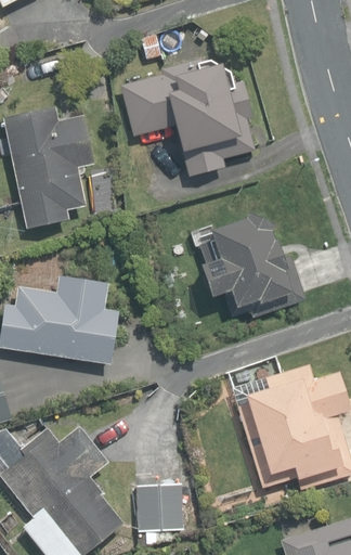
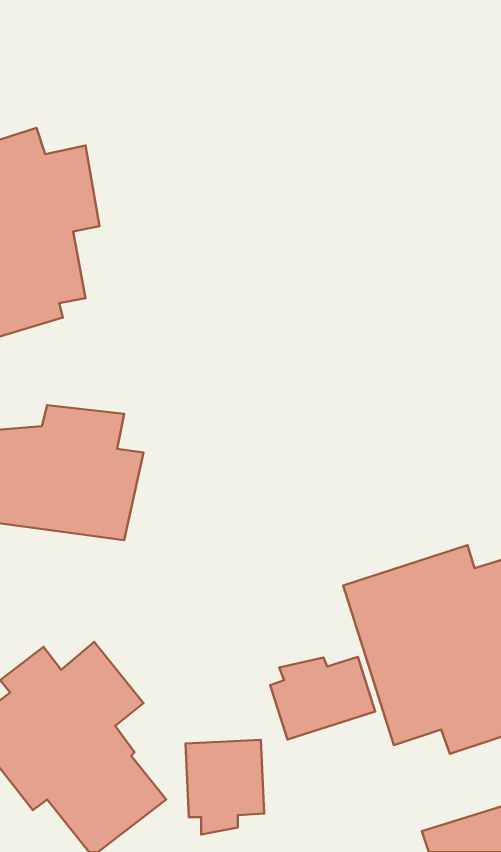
building: [120,56,256,177] -> none
building: [200,210,307,318] -> none
building: none -> [270,657,375,739]

